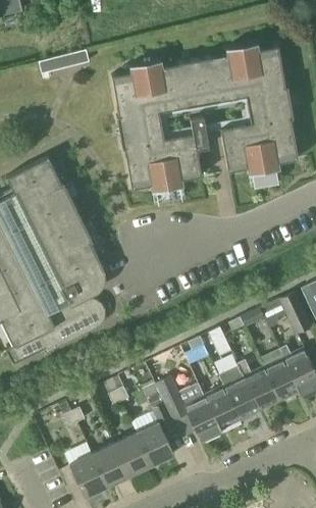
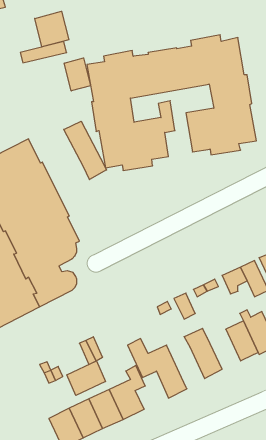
building: none -> [35,11,69,47]
building: none -> [64,58,91,91]
building: none -> [64,121,107,180]
building: [239,359,281,410] -> none
building: [205,386,242,429] -> none
building: none -> [67,361,105,395]

